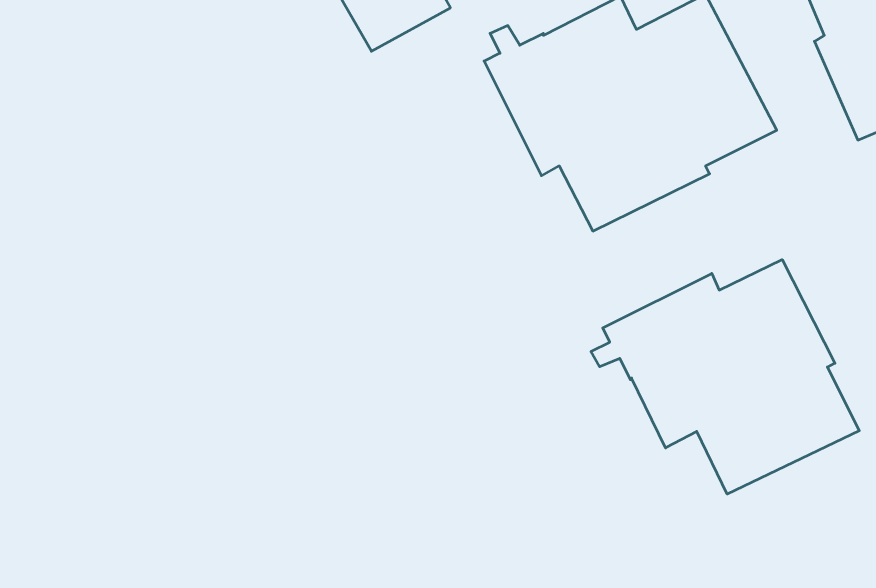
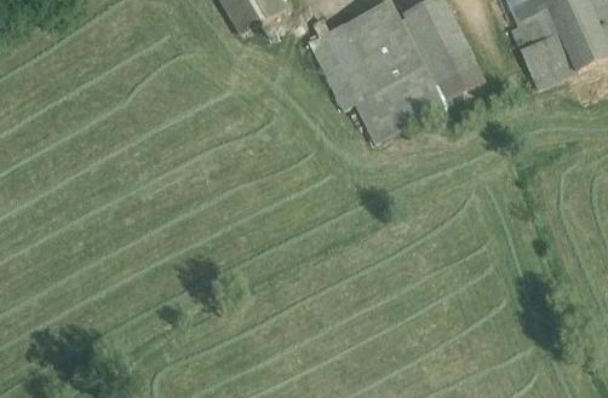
building: [591,260,859,494] -> none

